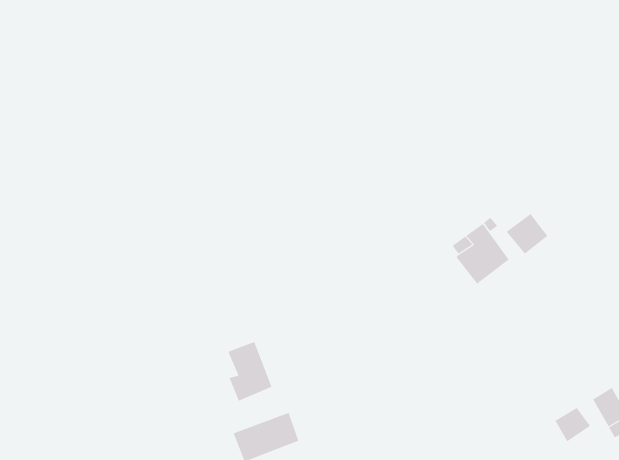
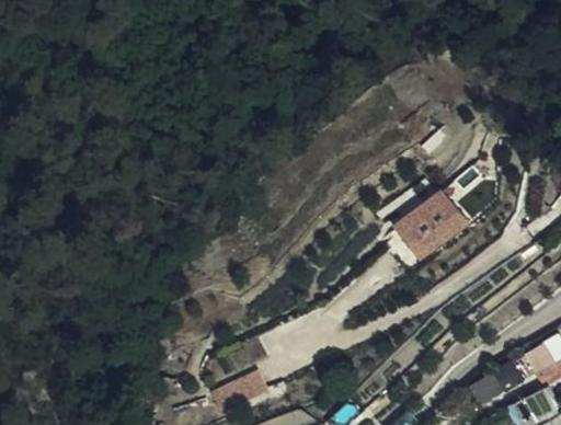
building: [228,341,272,402] -> none

